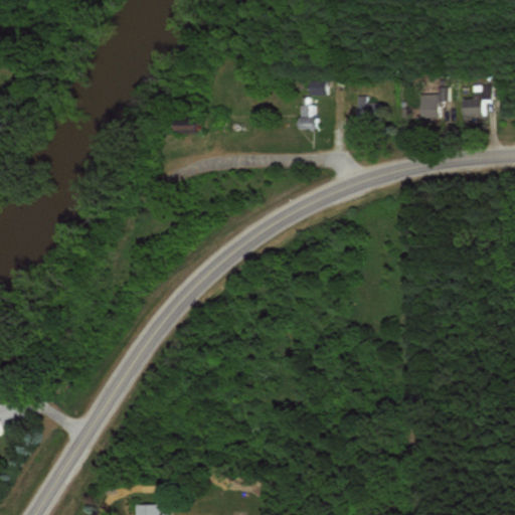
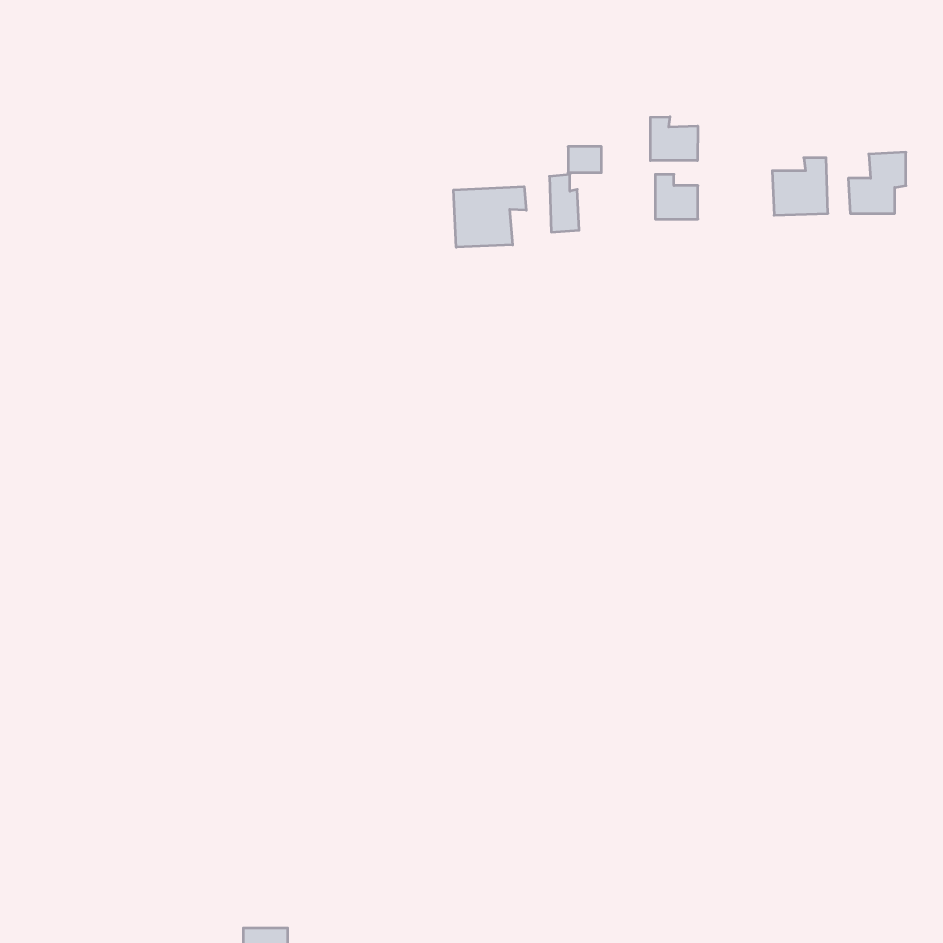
building: none -> [650,117,698,161]
building: none -> [454,187,526,247]

